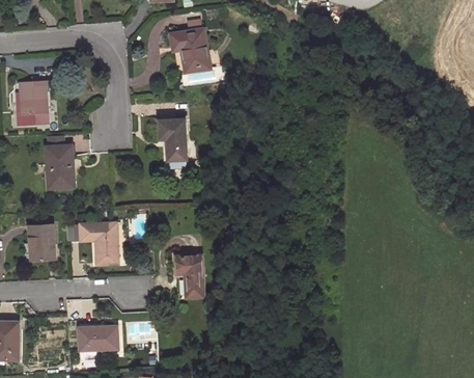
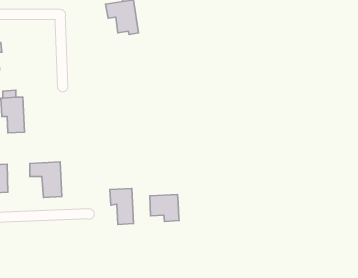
building: [159,118,187,160] -> none
building: none -> [150,195,179,221]
building: [78,326,117,350] -> none

